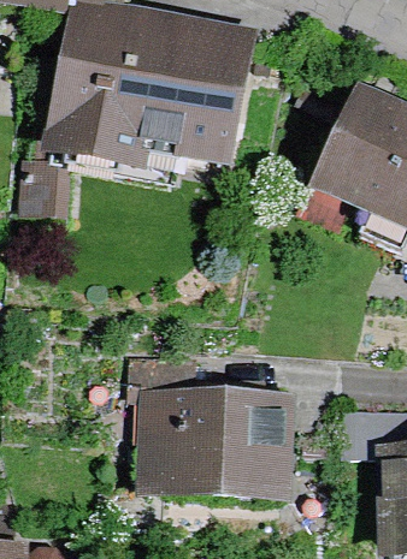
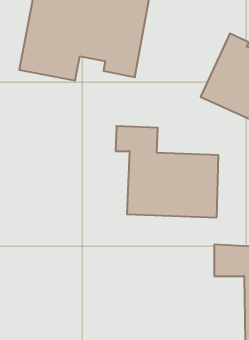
building: [130,359,283,495] -> [116,126,218,217]

